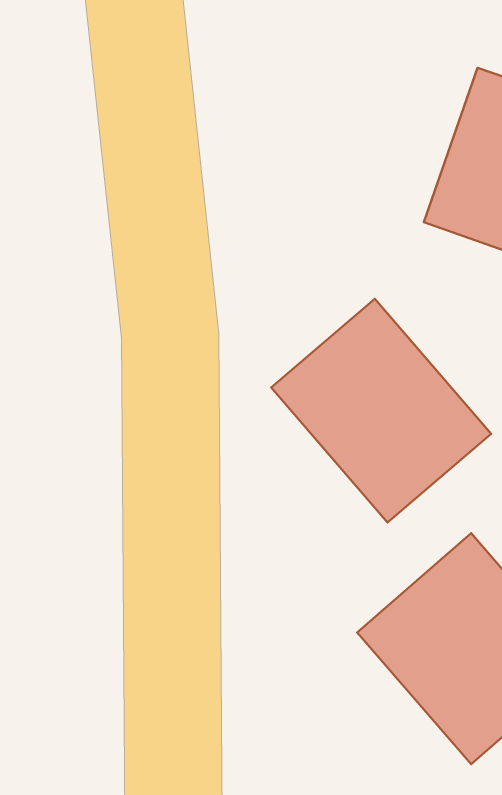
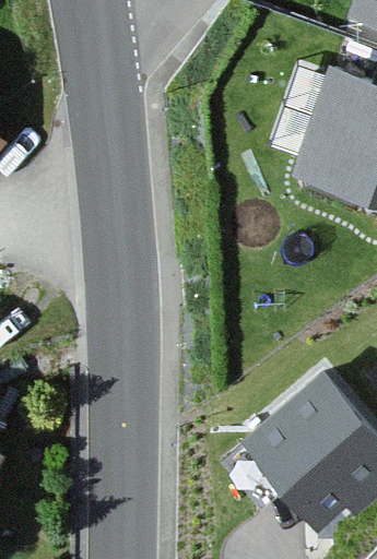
building: [271,299,491,522] -> none

